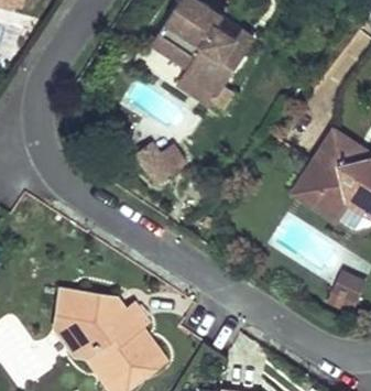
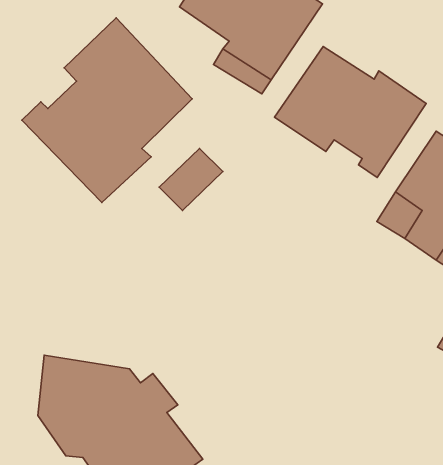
building: none -> [22,18,192,203]
building: none -> [275,46,426,177]

